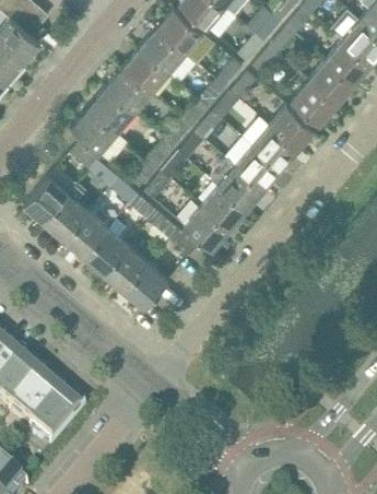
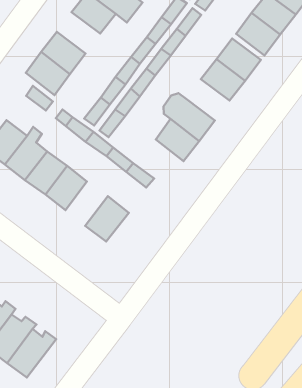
building: [106,68,151,111] -> none
building: [236,145,281,189] -> none
building: [184,205,229,250] -> none
building: [104,245,149,291] -> none

